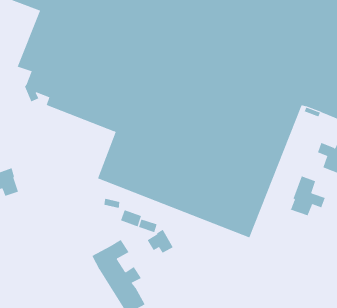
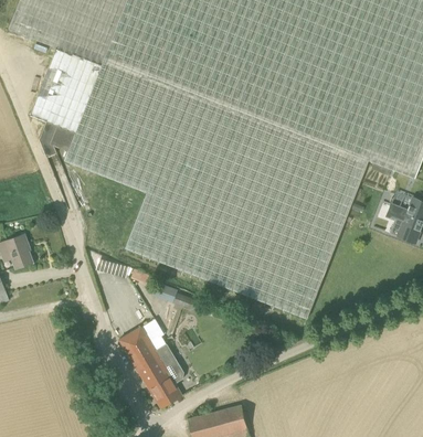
building: [289,176,326,216] -> none
building: [147,229,173,253] -> none

